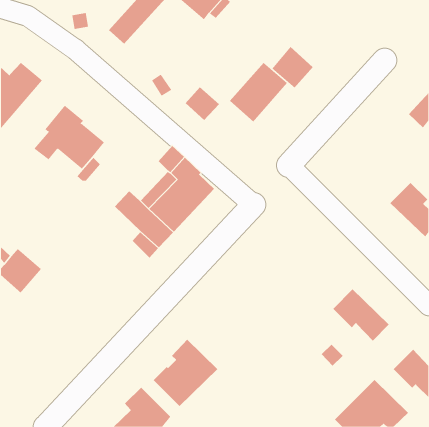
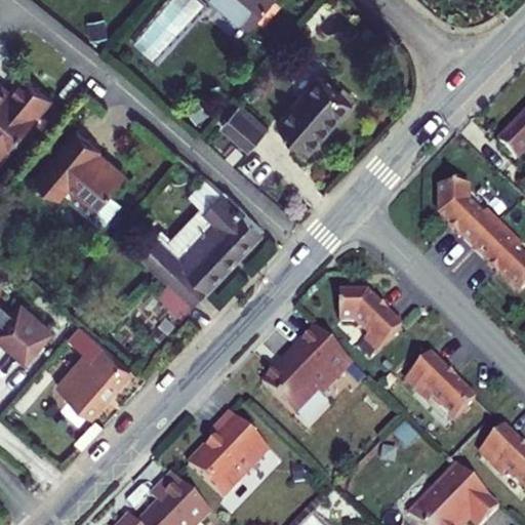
building: [272,46,313,89] -> none
building: none -> [440,184,501,248]
building: none -> [338,290,402,351]
building: none -> [58,323,132,415]
building: none -> [260,325,351,414]

